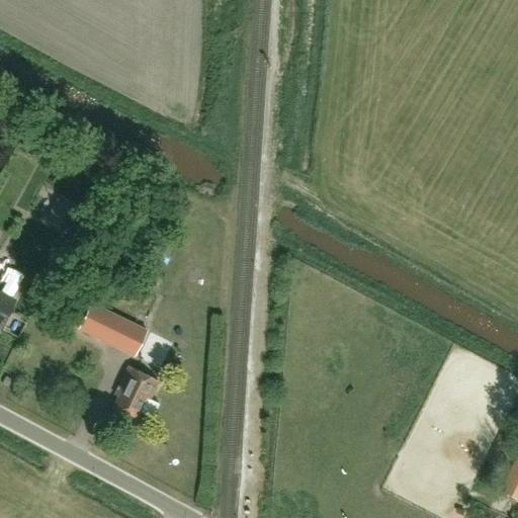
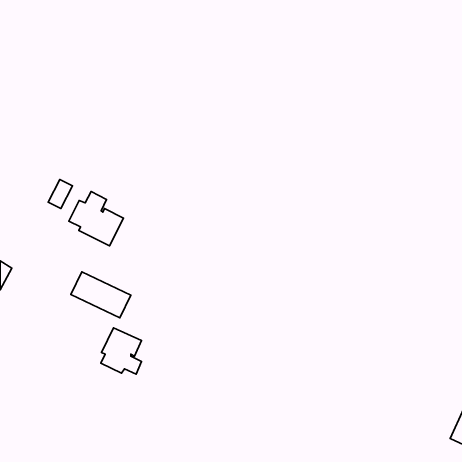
building: none -> [69,191,124,246]

